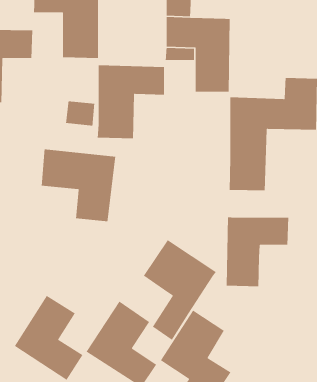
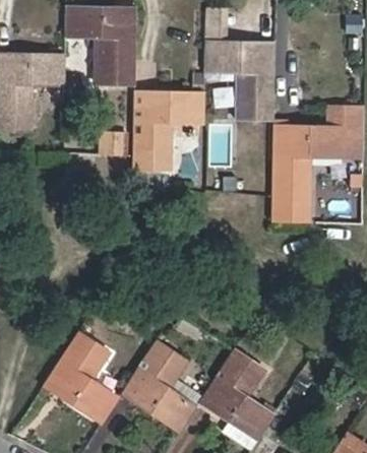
building: [41,149,116,222] -> none
building: [226,217,289,287] -> none
building: [143,239,217,341] -> none

